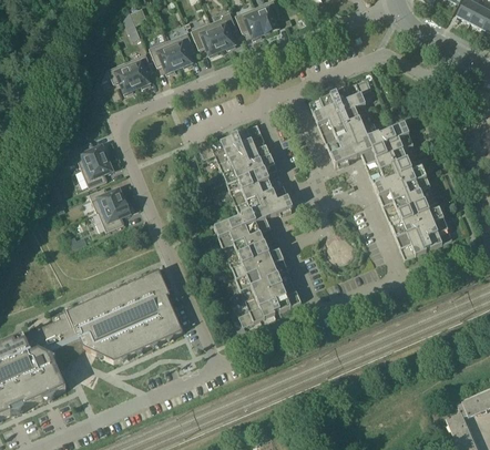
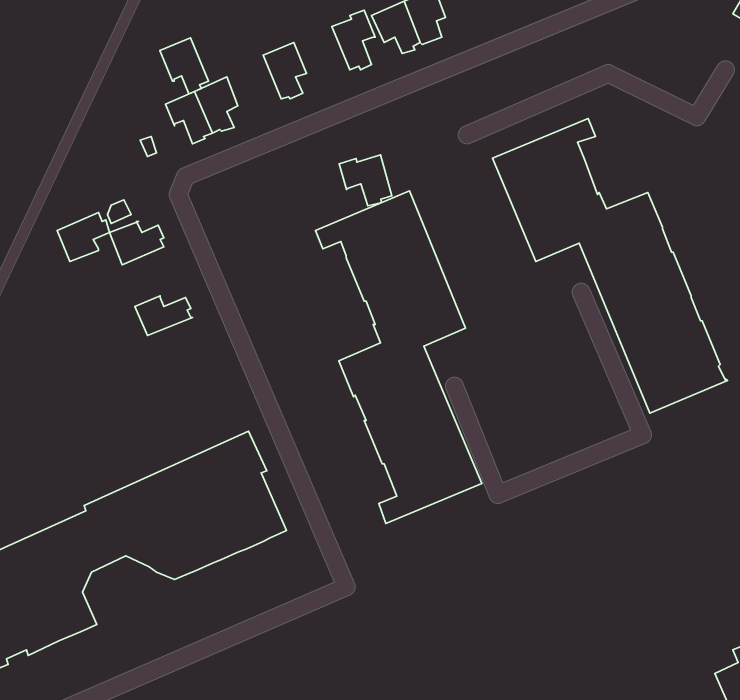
building: [191,21,221,54] -> none
building: [149,39,178,73] -> [160,38,209,94]
building: none -> [339,155,392,206]
building: [81,156,113,186] -> [57,213,109,261]
building: [96,200,130,231] -> none

